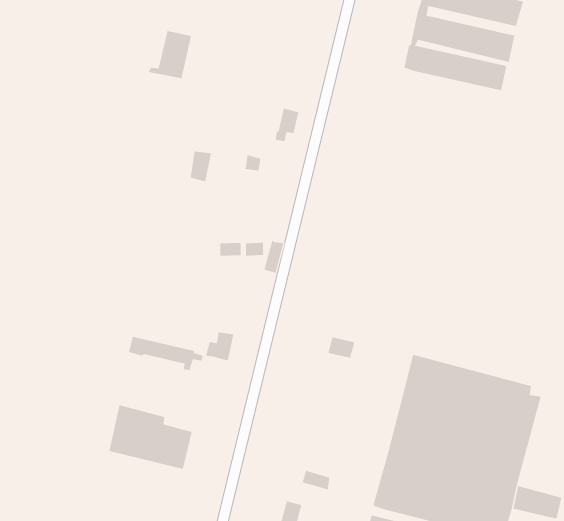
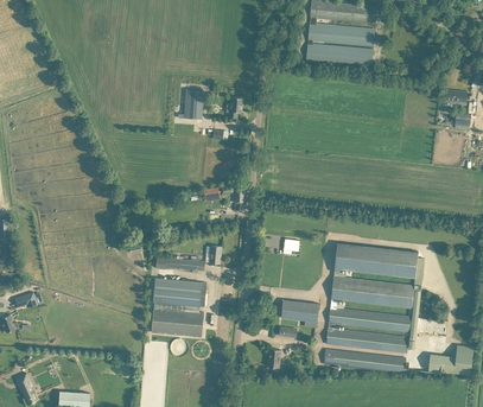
building: [148,30,192,79] -> [177,89,202,119]
building: none -> [152,278,205,306]
building: none -> [279,299,317,322]

